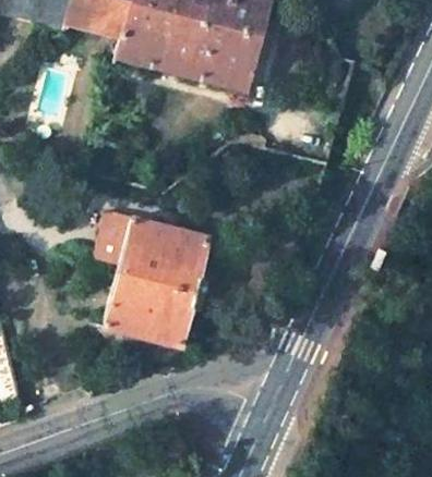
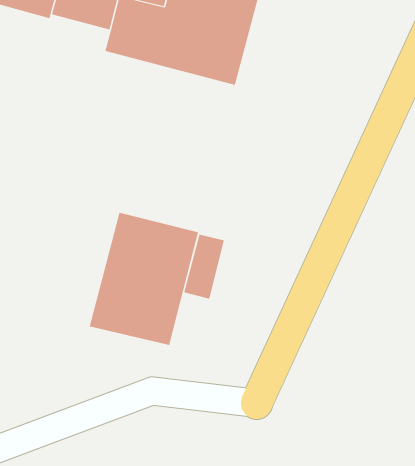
building: [92,211,134,267] -> none
building: none -> [183,234,225,299]

